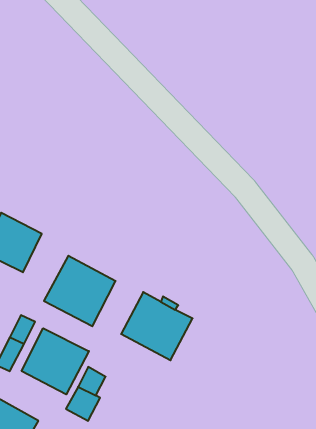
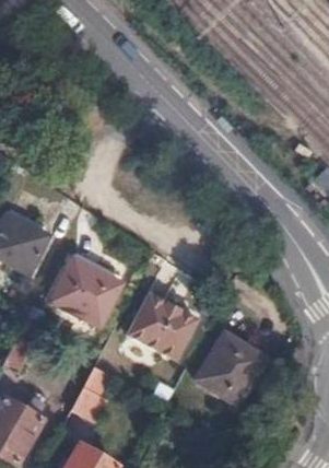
building: [22,328,89,394] -> none
building: none -> [197,334,263,402]

